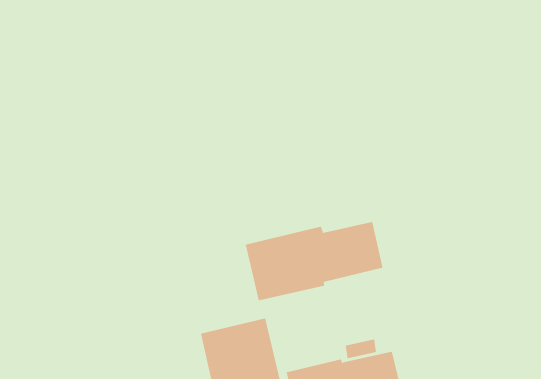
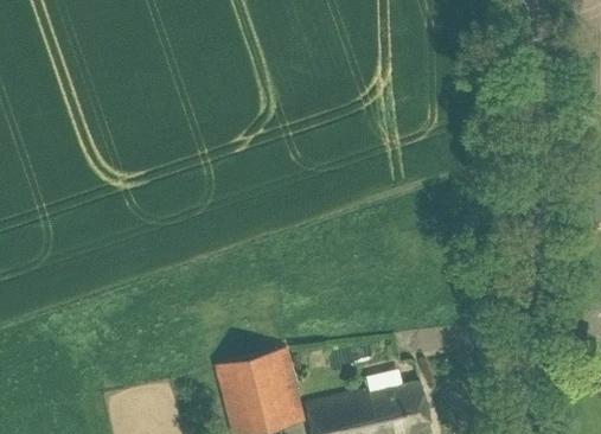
building: [245,221,383,301] -> none

